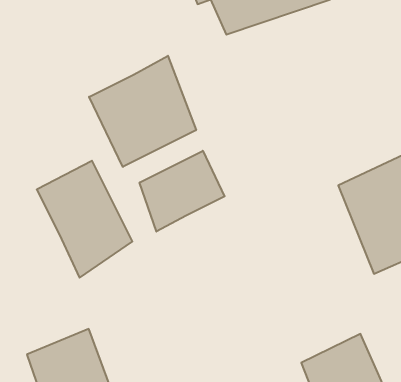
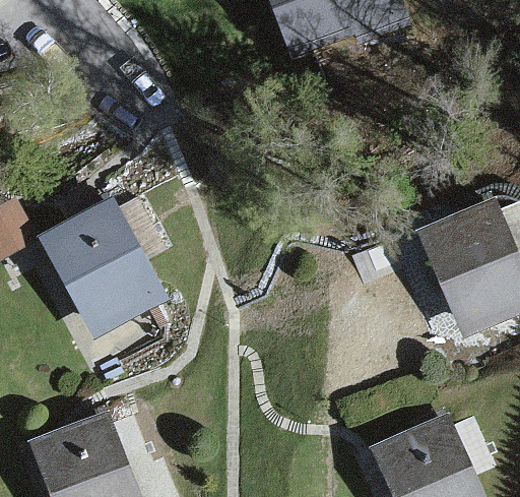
building: [89,56,196,167] -> none
building: [140,151,225,232] -> none

